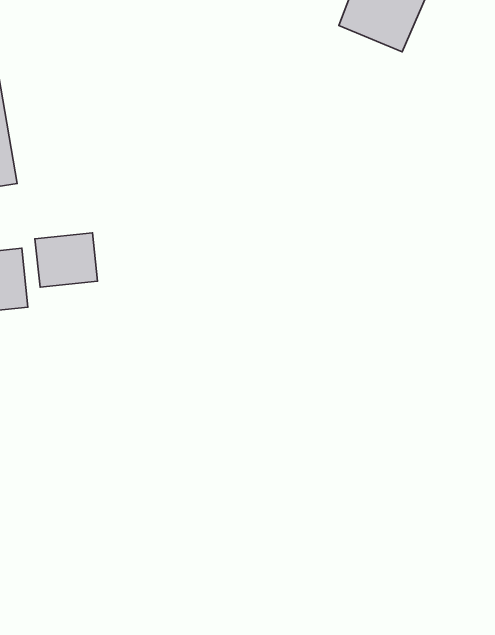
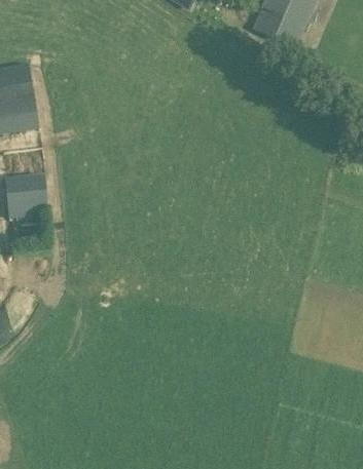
building: [35,233,97,287] -> none

